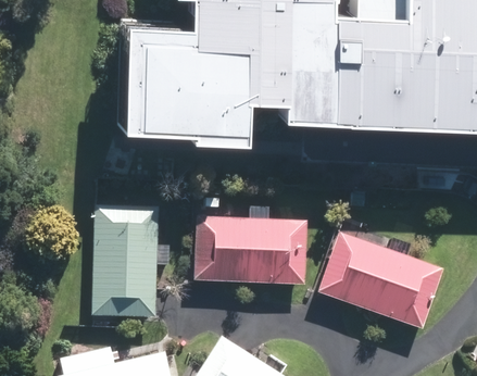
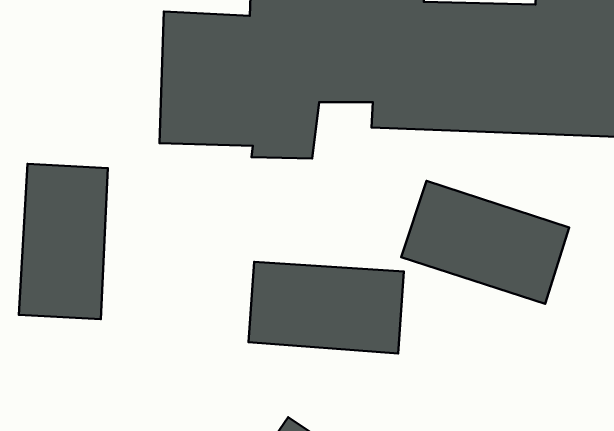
building: [95,206,163,326] -> [19,164,108,319]
building: [328,237,457,331] -> [401,181,569,304]

